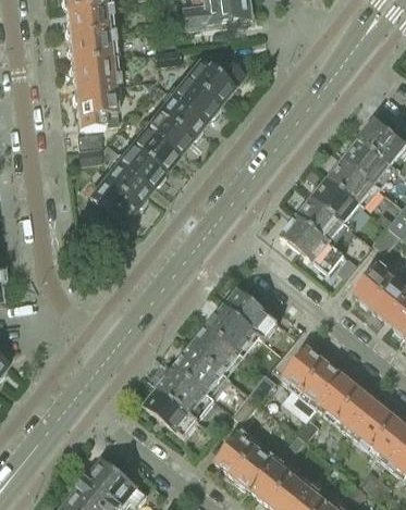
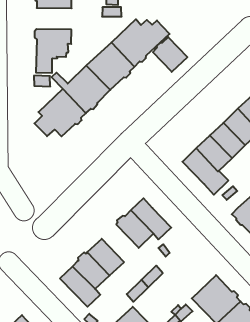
building: [67,58,118,90] -> none
building: none -> [153,37,187,72]
building: [192,326,241,373] -> none
building: [282,346,344,408] -> none

